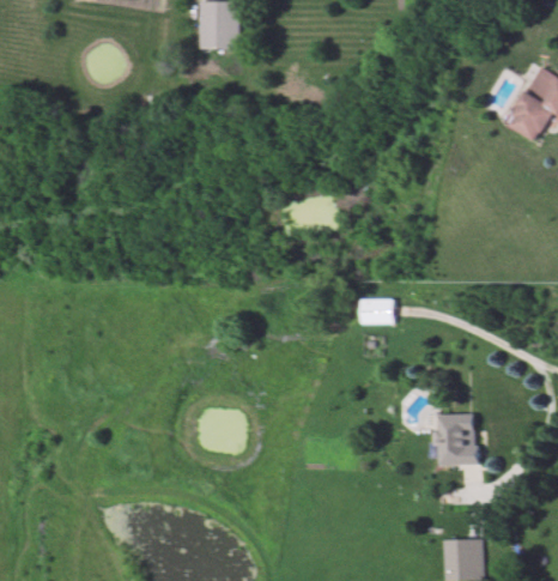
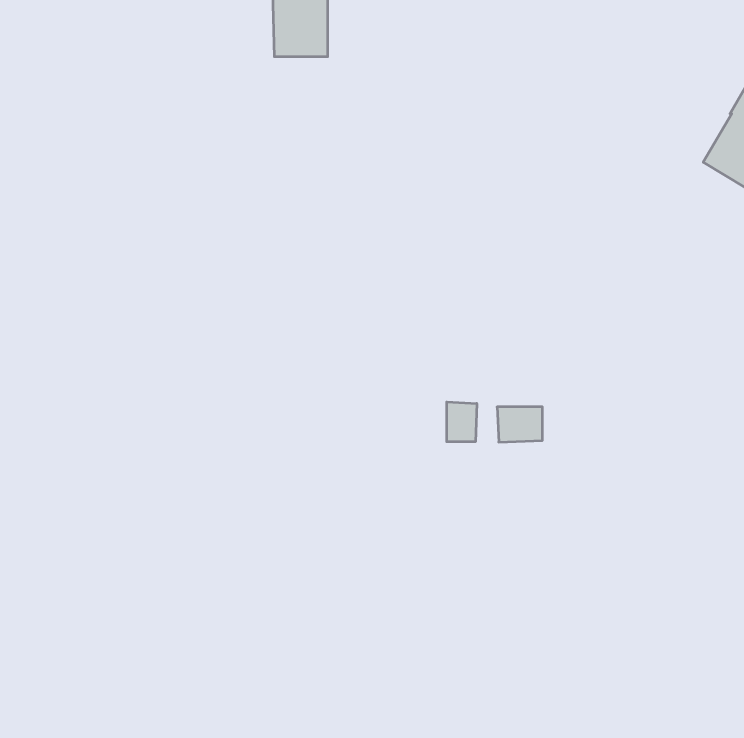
building: none -> [447,402,477,442]
building: [436,413,477,466] -> none

